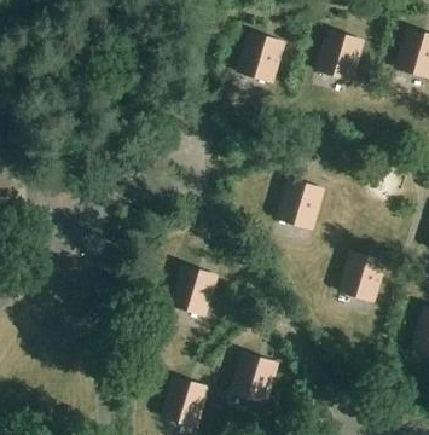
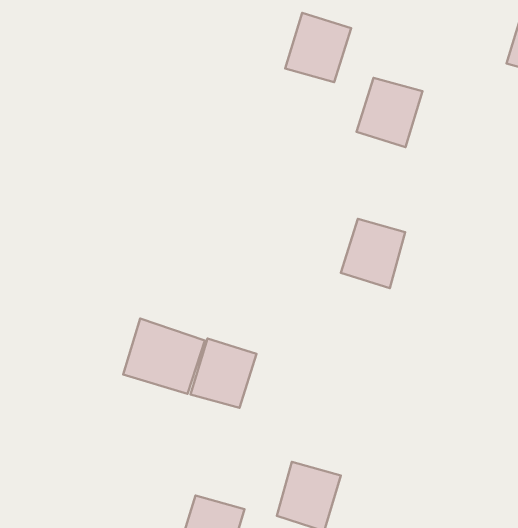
building: [315,30,363,80] -> [357,78,422,147]
building: none -> [123,319,205,394]
building: [338,251,384,301] -> none

